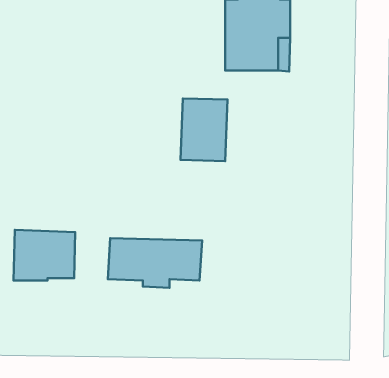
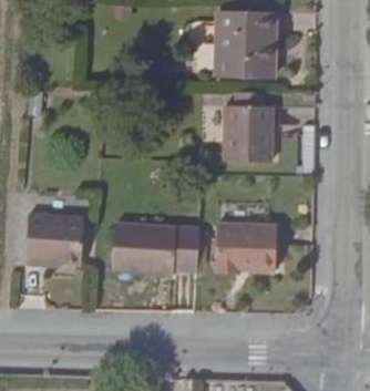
building: [181,98,228,161] -> [228,105,271,163]
building: none -> [215,222,270,266]

